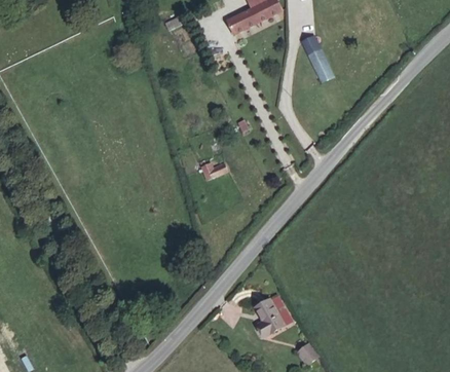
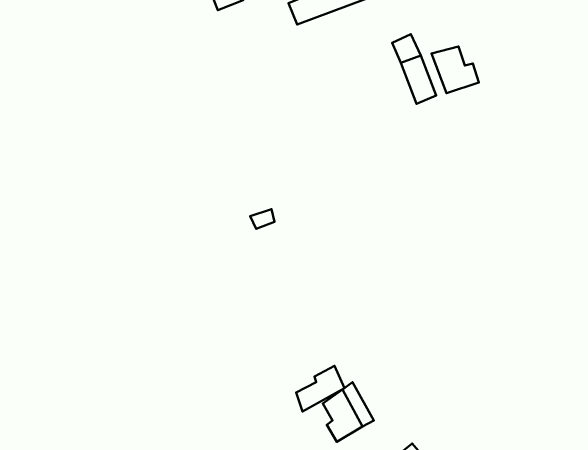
building: none -> [431,47,479,93]
building: none -> [296,366,344,411]

